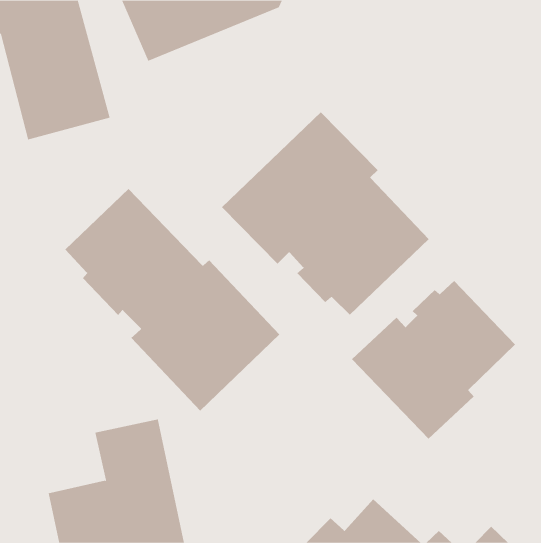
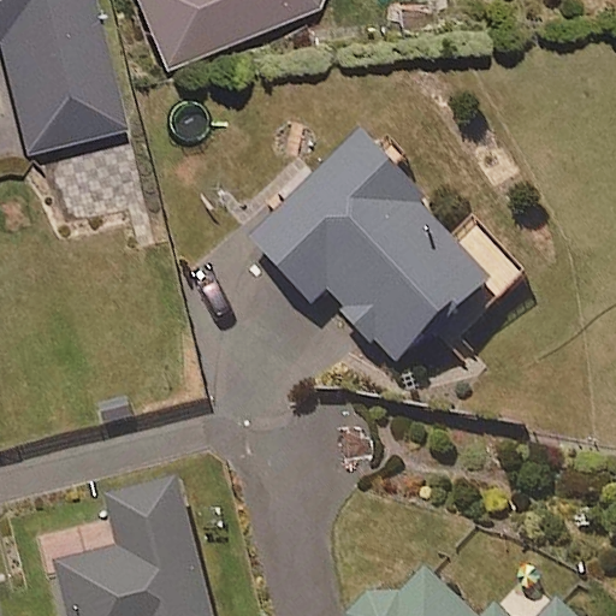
building: [65,188,280,411] -> none
building: [351,280,516,440] -> none

